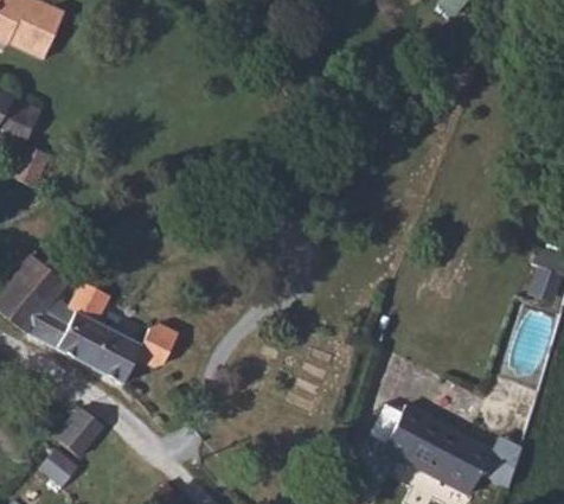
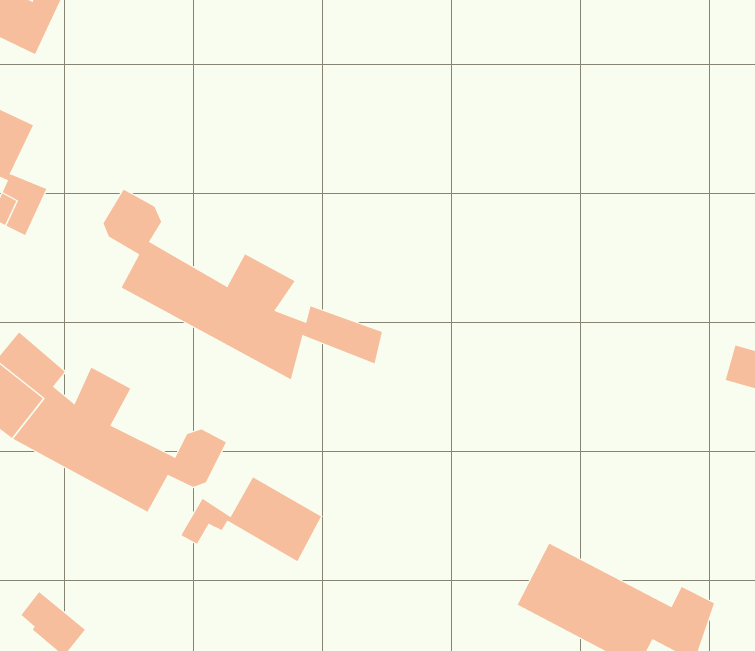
building: none -> [103,189,382,380]
building: none -> [181,476,322,562]
building: [57,407,103,455] -> none

